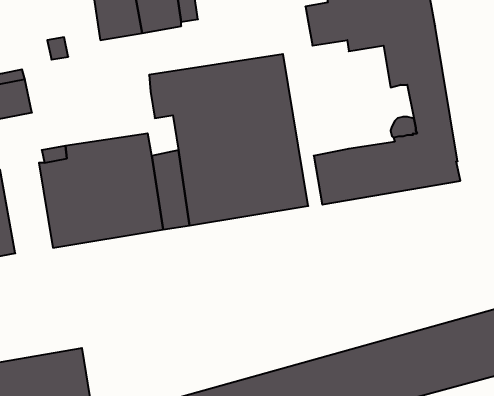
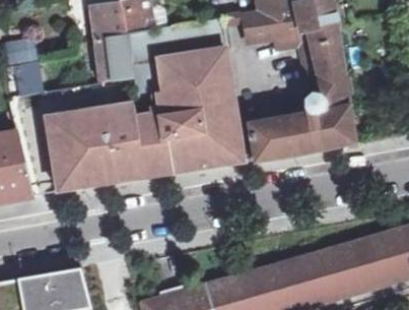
building: none -> [93,35,130,81]

